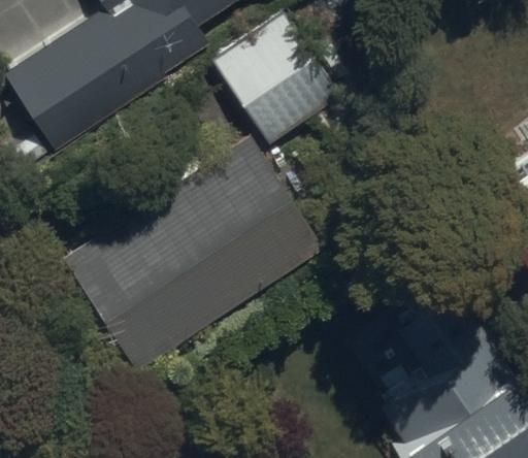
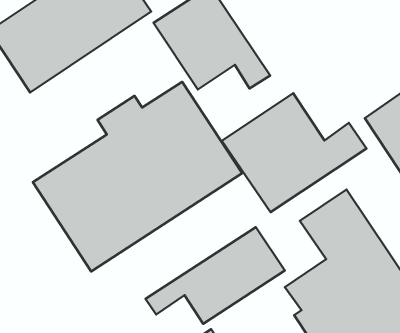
building: none -> [222,93,367,212]
building: none -> [145,227,285,324]

